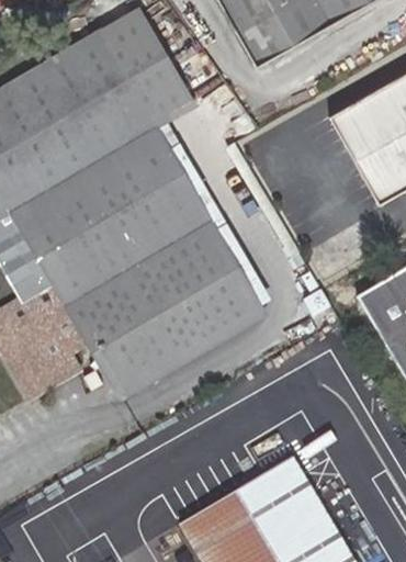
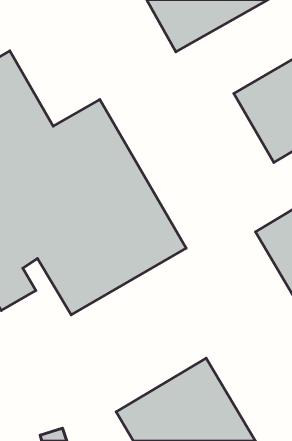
building: [45,8,198,160] -> none

